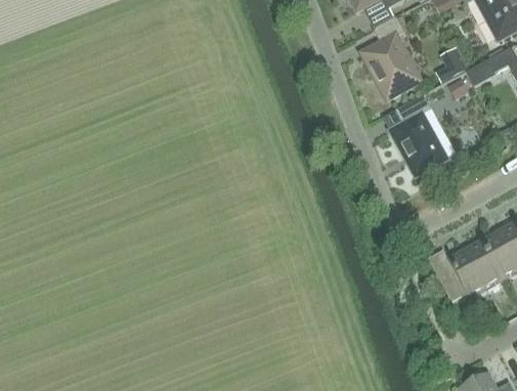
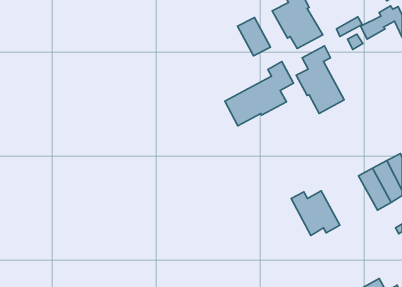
building: none -> [238,17,270,56]
building: none -> [225,62,294,126]
building: [428,249,486,302] -> [291,191,340,235]

